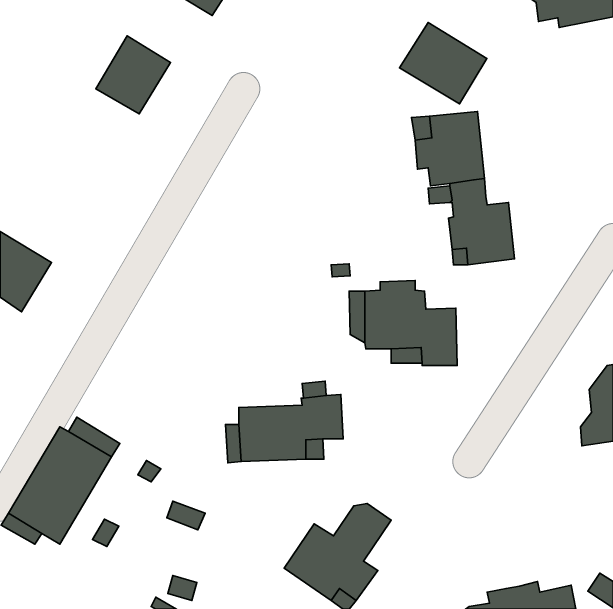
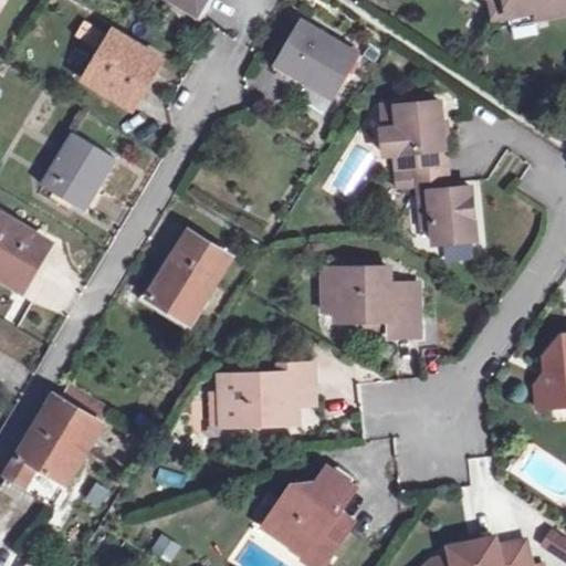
building: [399,22,487,104] -> [275,28,356,103]
building: none -> [43,134,114,210]
building: none -> [151,224,232,314]

